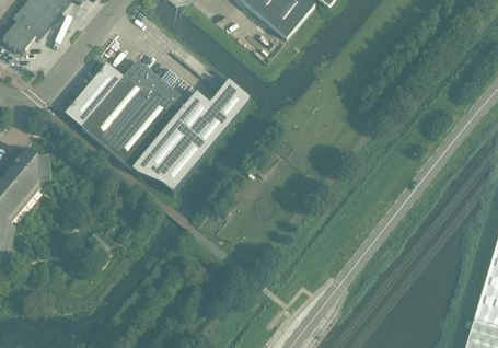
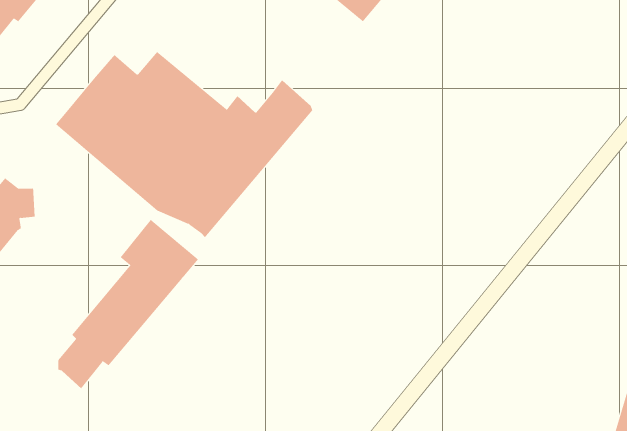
building: none -> [58,218,199,389]

